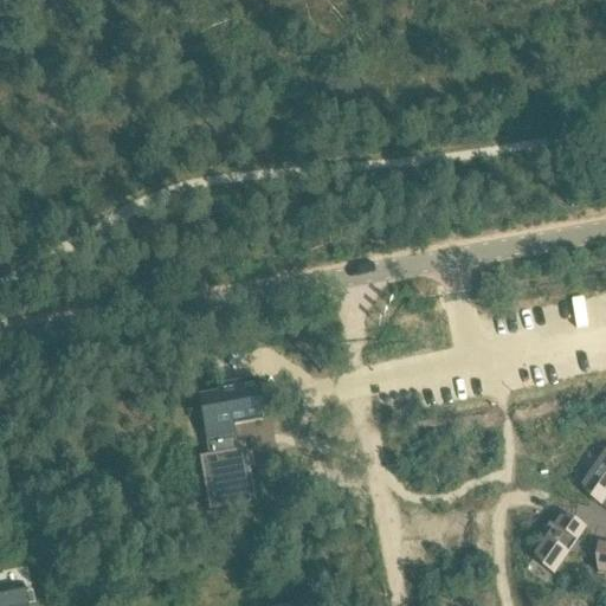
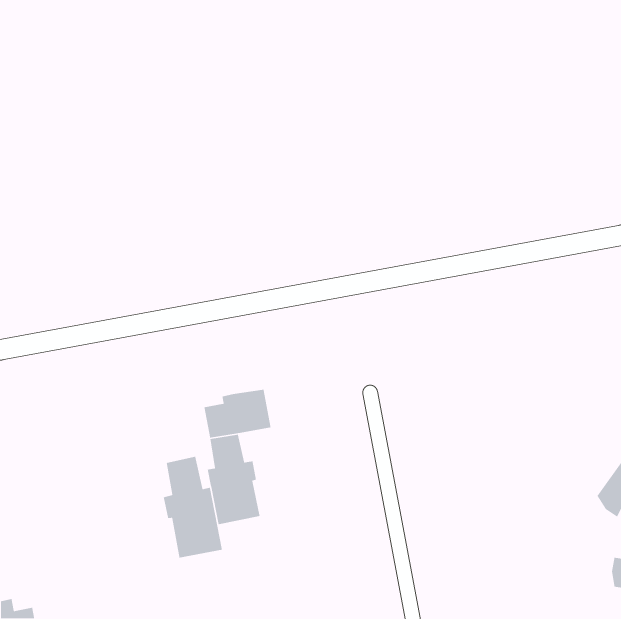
building: none -> [163,456,223,559]
building: [533,517,582,572] -> none

